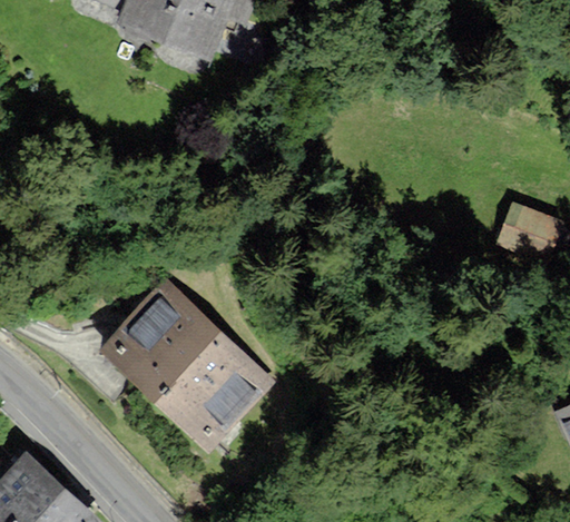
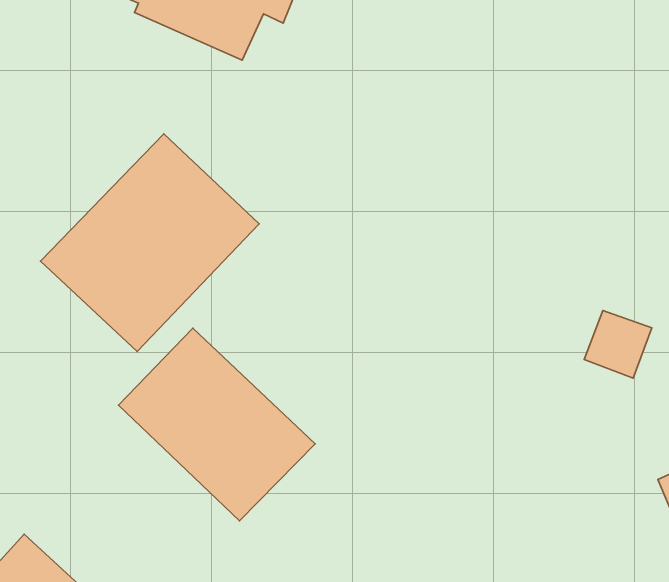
building: none -> [40,134,259,351]
building: [500,206,557,263] -> [584,310,652,378]

